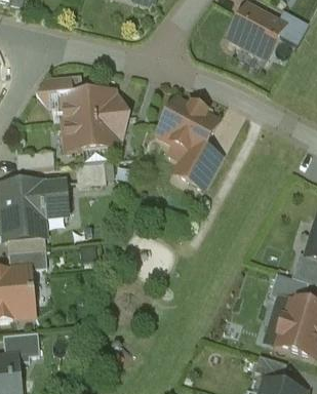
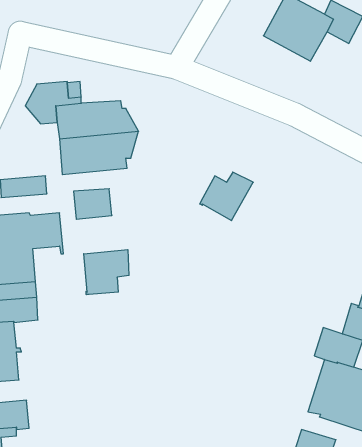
building: [157,97,217,155] -> none
building: none -> [84,250,129,295]

